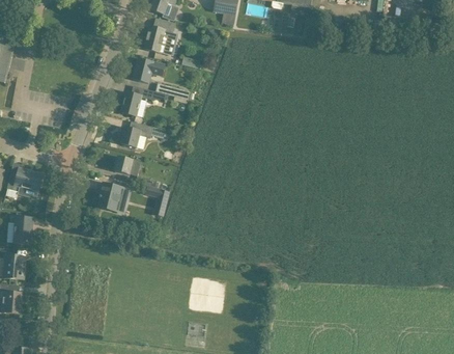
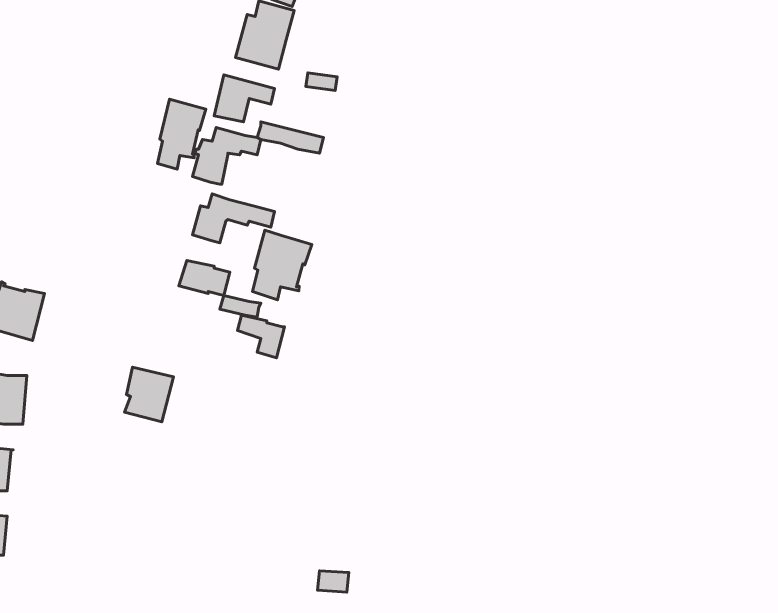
building: none -> [158,99,206,169]
building: none -> [252,230,312,300]
building: [98,182,124,211] -> [125,367,173,422]

